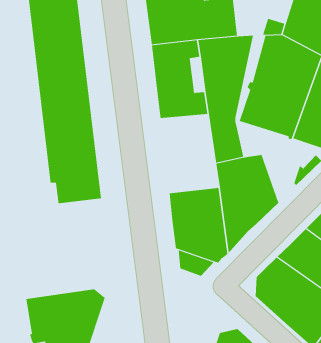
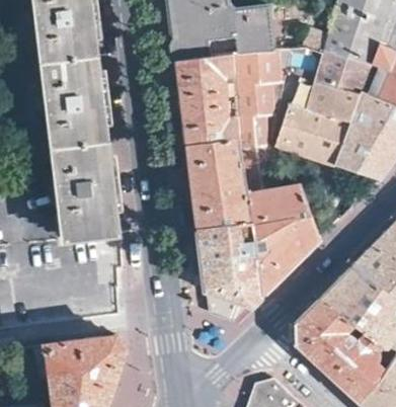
building: none -> [185,138,252,227]

